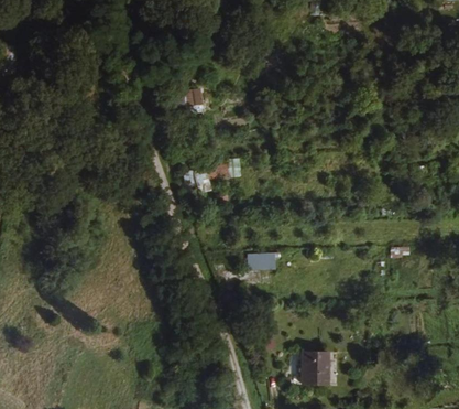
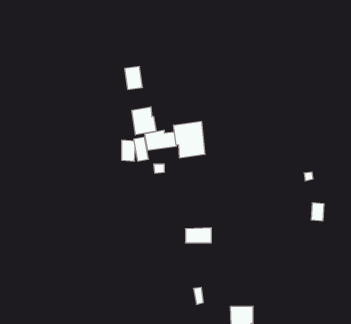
building: none -> [132,107,156,135]
building: none -> [174,121,205,158]

